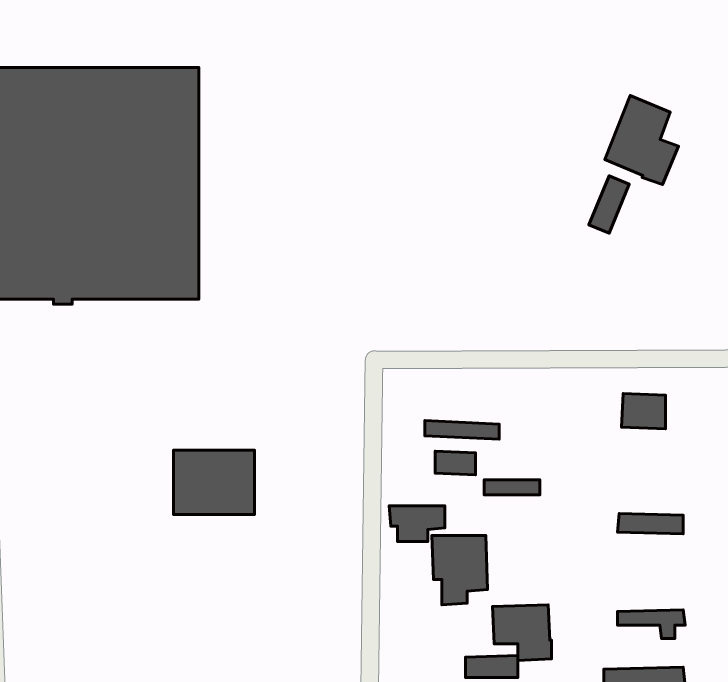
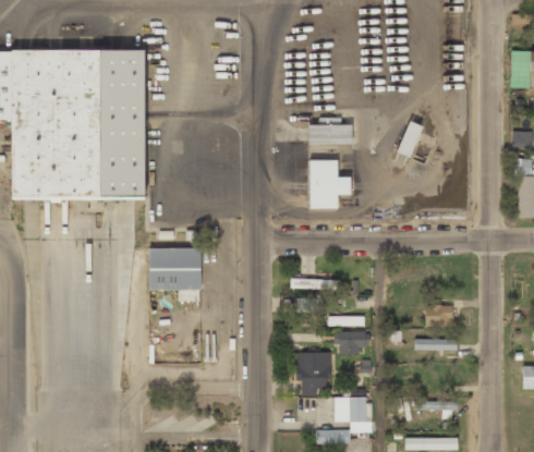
building: [605,96,679,185] -> none
building: none -> [307,124,351,143]
building: none -> [310,159,350,208]
building: [622,393,666,429] -> [424,304,452,327]
building: [173,450,254,514] -> [148,247,201,289]
building: [389,506,445,541] -> [333,331,369,354]

